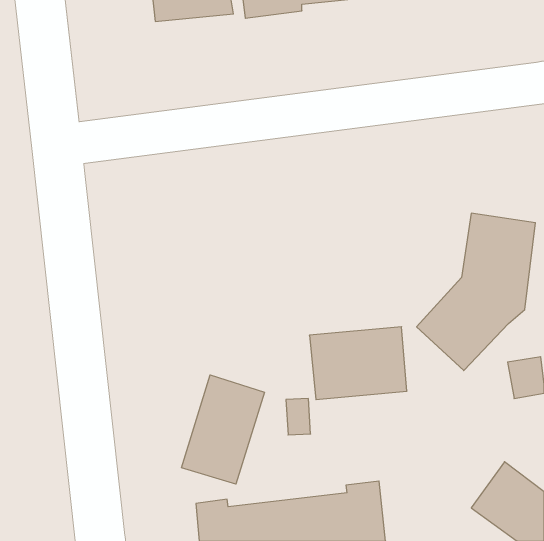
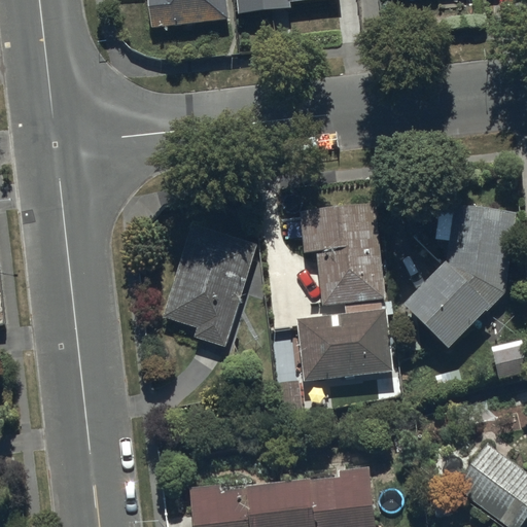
building: none -> [300,207,384,311]
building: none -> [164,226,258,350]
building: [181,375,265,484] -> none

